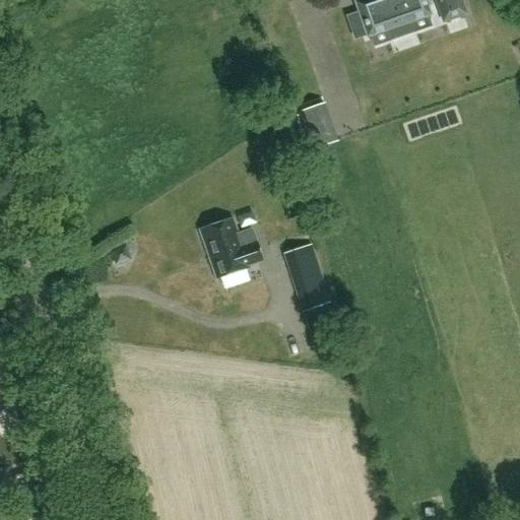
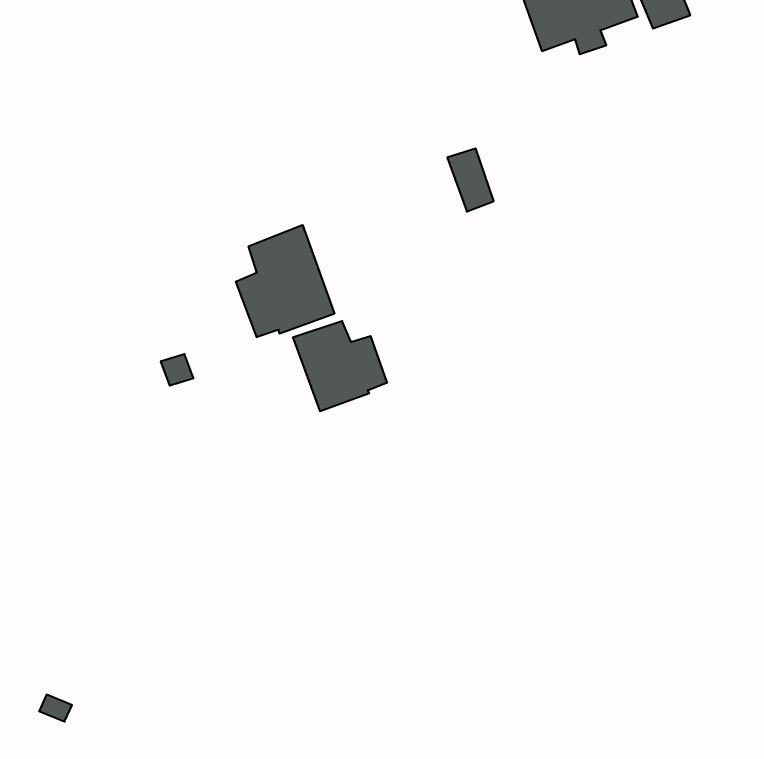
building: none -> [236,225,334,337]
building: [285,245,327,308] -> none

